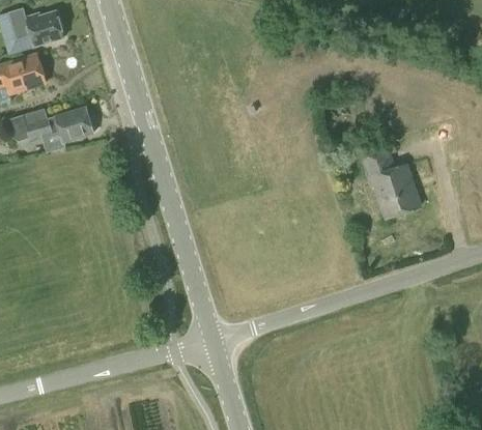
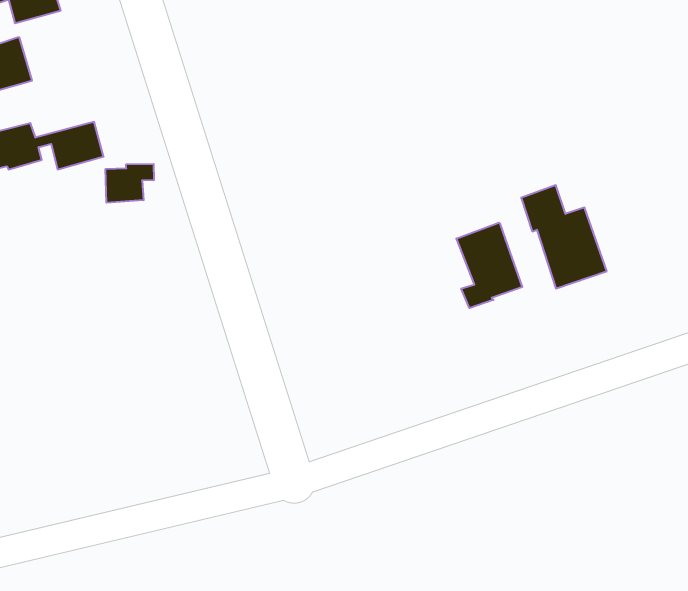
building: none -> [106,164,154,203]
building: none -> [456,223,522,308]

